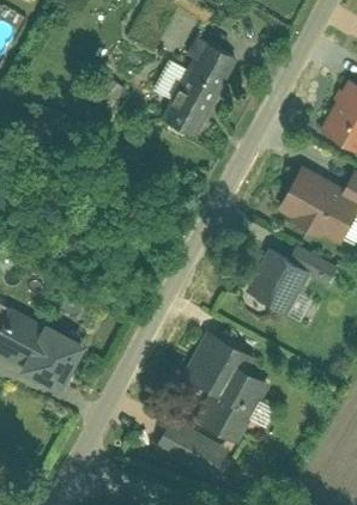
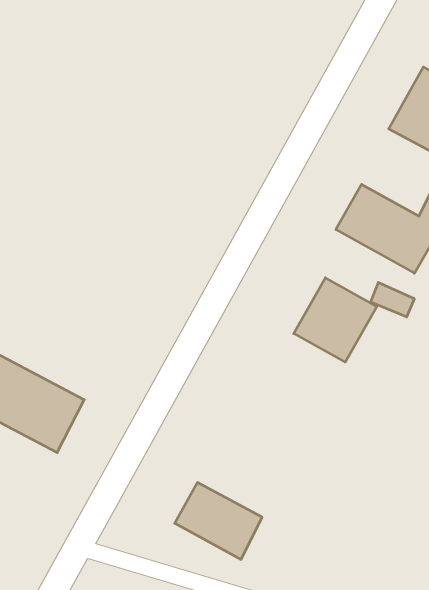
building: [164,44,236,127] -> none
building: [187,333,266,437] -> none

